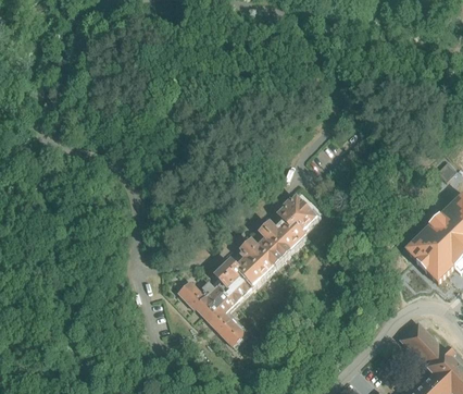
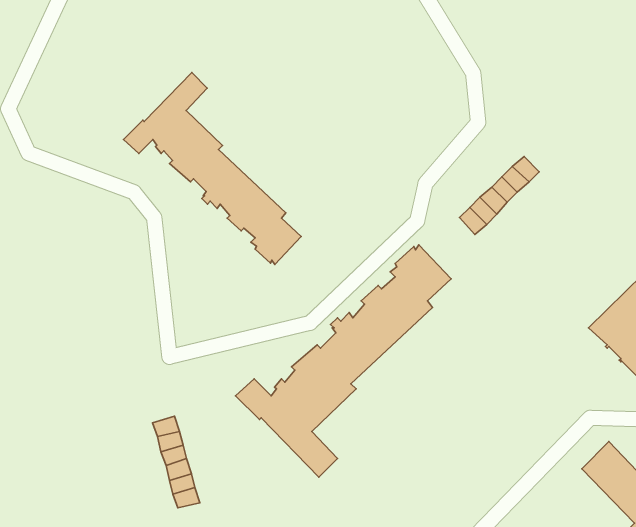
building: none -> [123,73,301,264]

